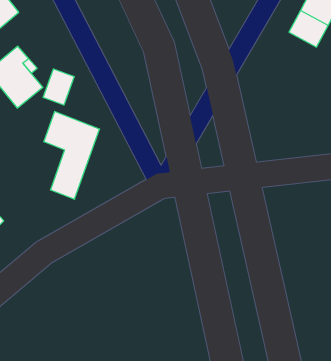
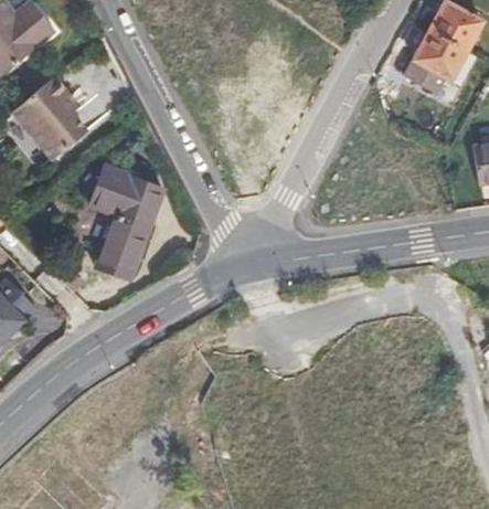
building: [43,69,74,105] -> none

